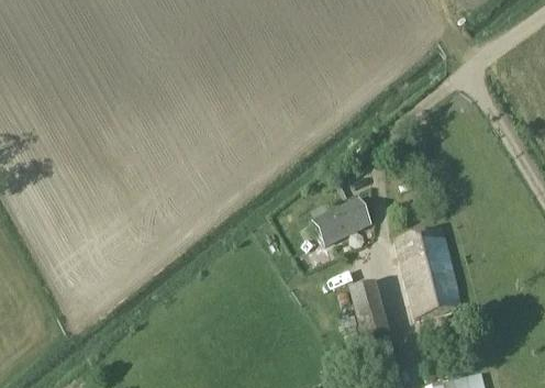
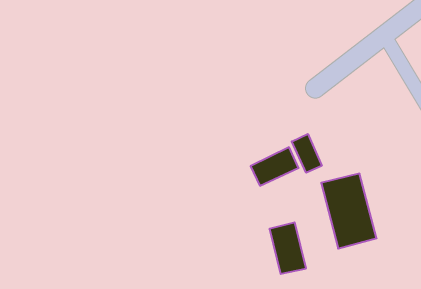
building: none -> [292,134,322,173]

